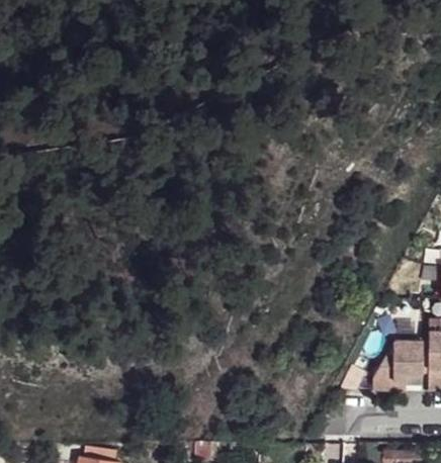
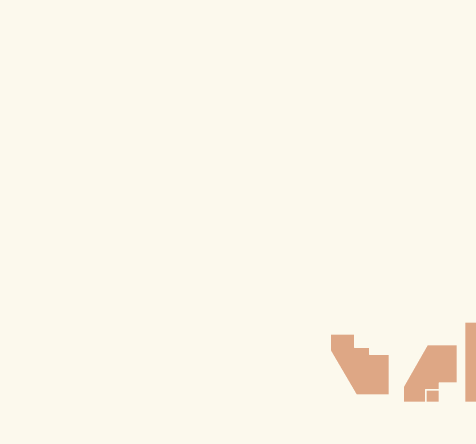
building: none -> [330,334,390,395]

